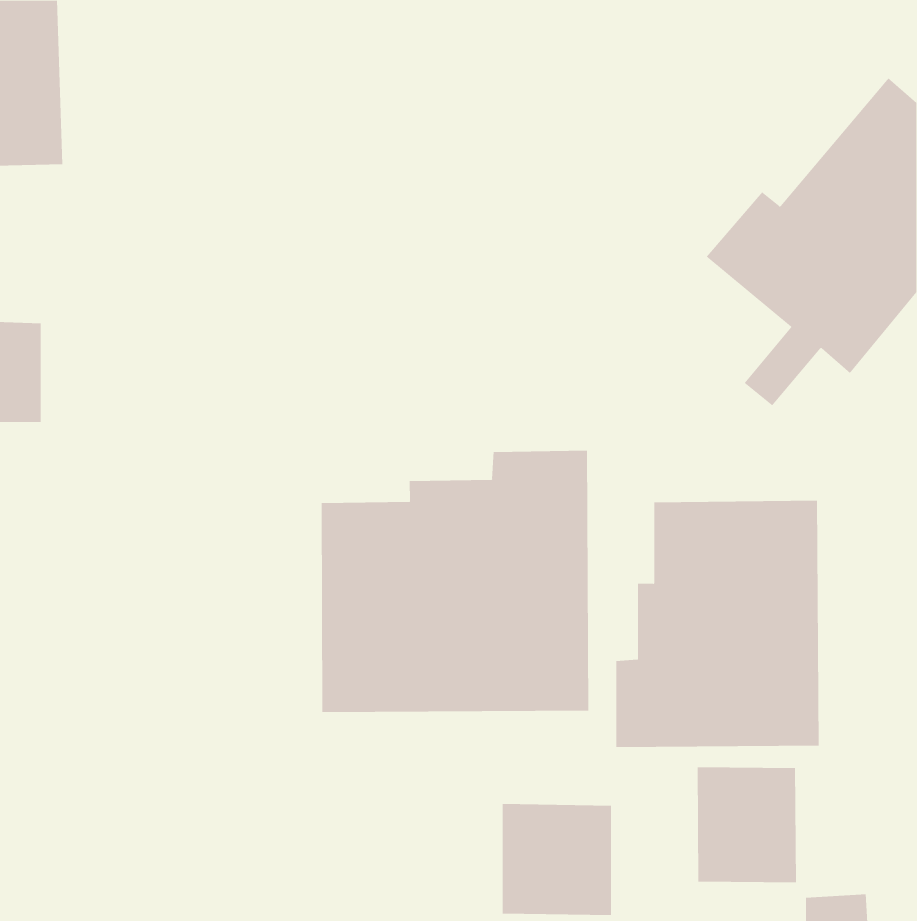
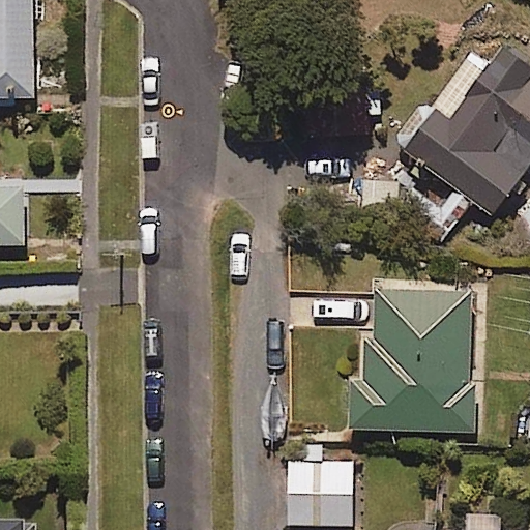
building: [321,450,589,713] -> none
building: [697,766,796,883] -> none

